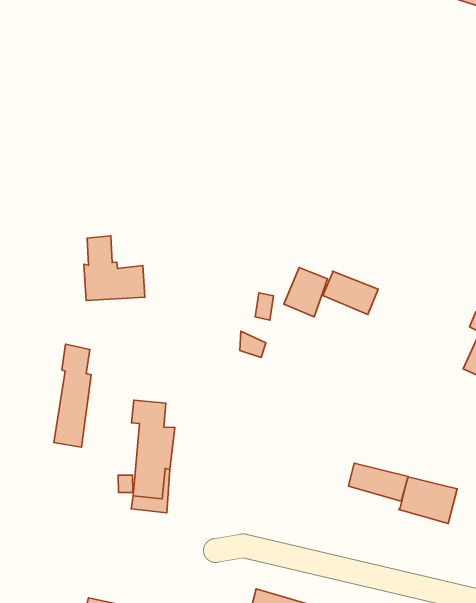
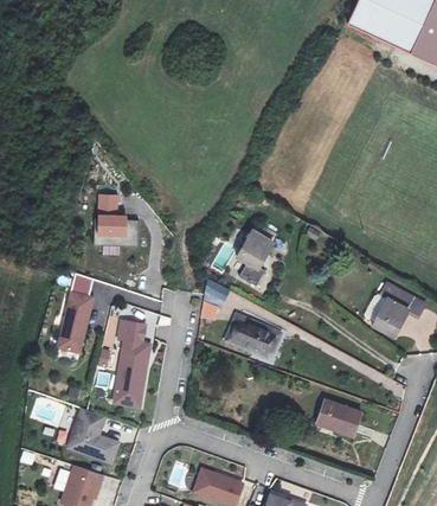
building: [323,271,378,314] -> none
building: [349,463,408,501] -> [233,321,278,353]
building: none -> [65,405,118,462]

